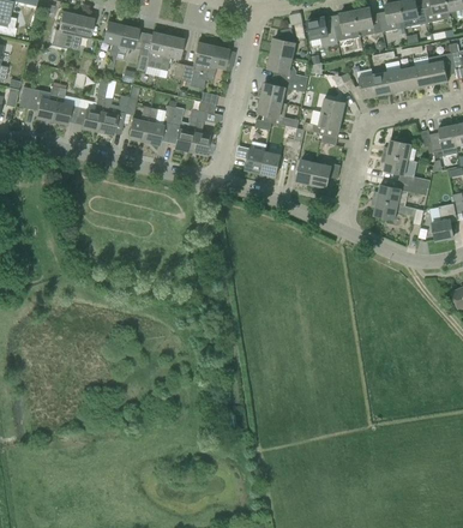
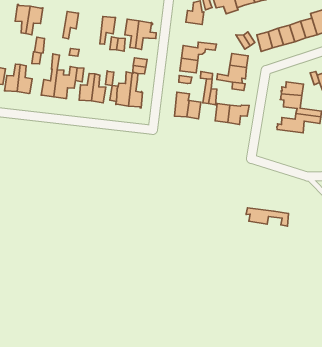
building: [102,22,124,79] -> none
building: [137,31,168,71] -> none
building: [267,53,308,84] -> none
building: [371,198,423,226] -> [246,208,288,226]

